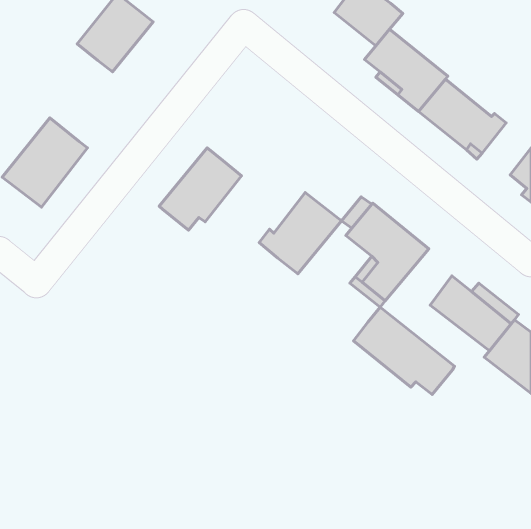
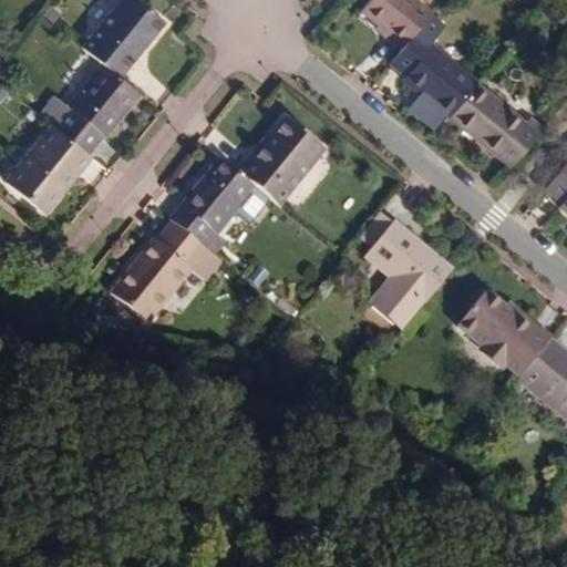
building: none -> [53,64,143,151]
building: [259,193,342,274] -> [237,117,324,204]
building: none -> [107,223,204,329]
building: [353,307,455,395] -> none

